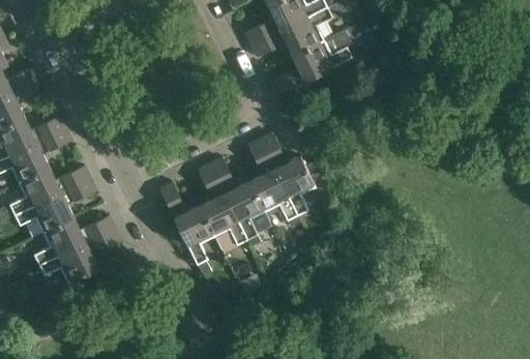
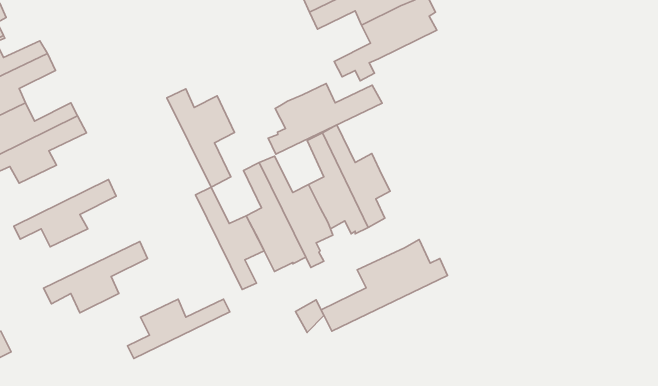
building: none -> [268,84,382,154]
building: none -> [167,89,235,187]
building: [8,166,89,214] -> none
building: [32,216,114,264] -> [127,299,230,359]
building: none -> [321,239,448,331]

